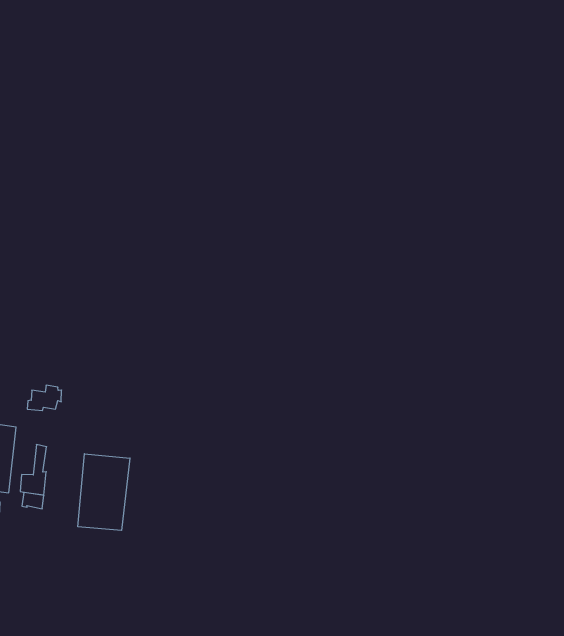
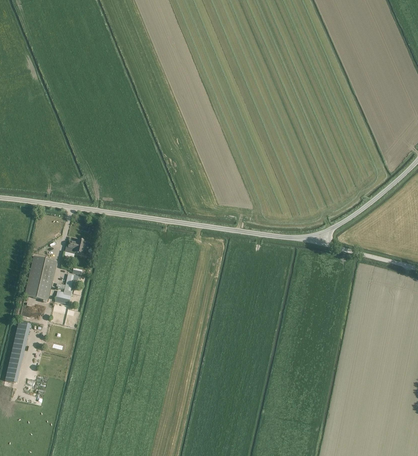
building: [78,454,130,530] -> none

